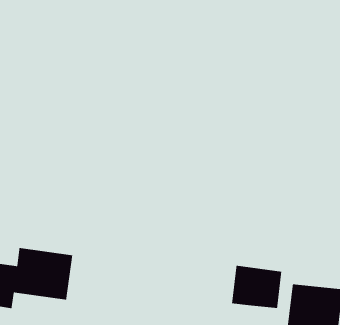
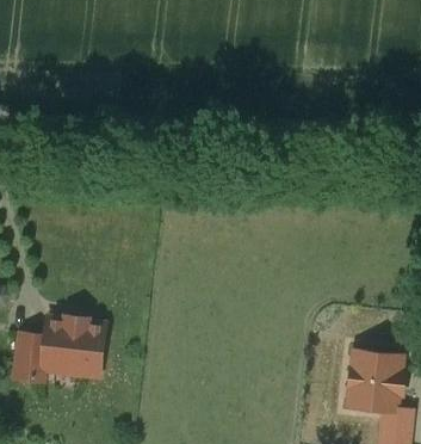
building: [231,265,282,309] -> none

